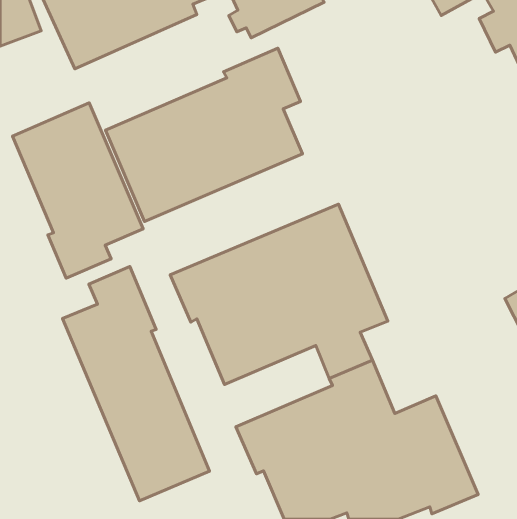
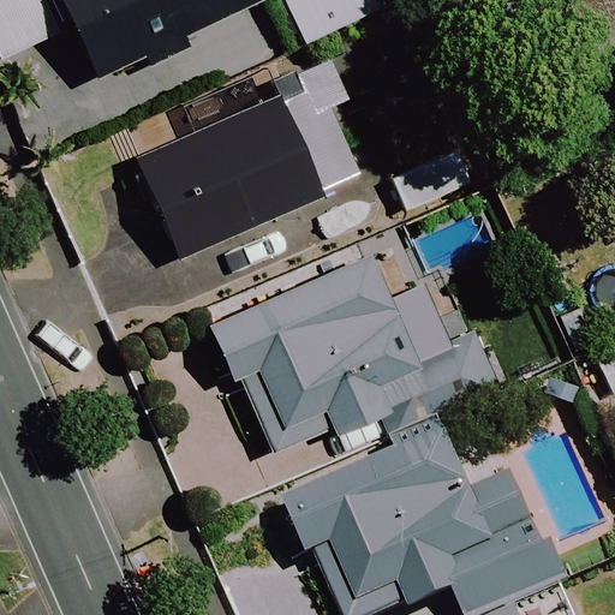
building: [12,103,143,278] -> none
building: [63,267,210,501] -> none

